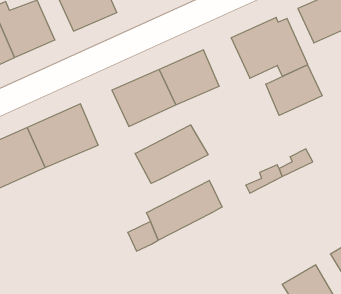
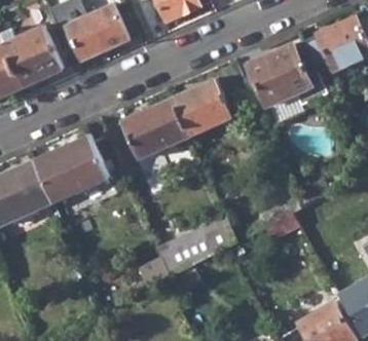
building: [266,65,322,115] -> none
building: [135,125,208,183] -> none

